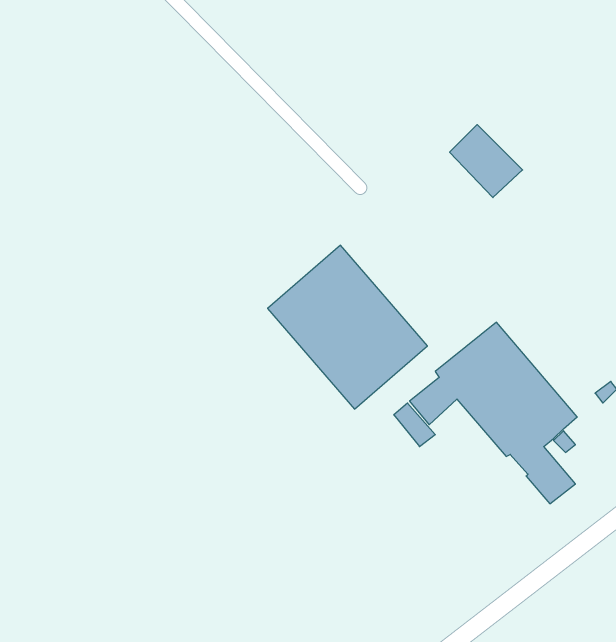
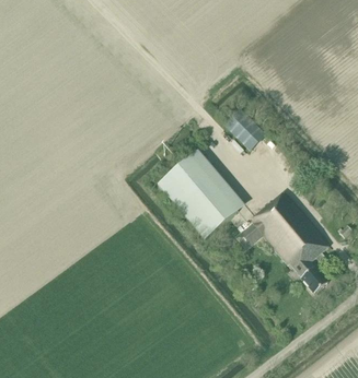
building: [450,125,523,198] -> [224,108,265,149]

